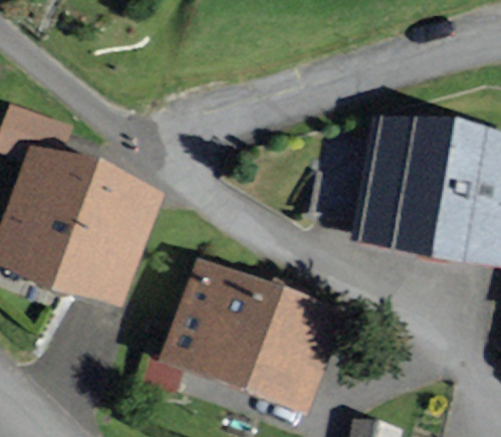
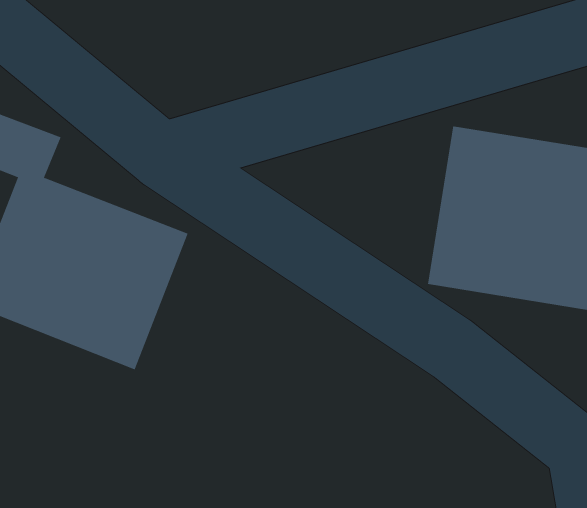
building: [163,261,332,408] -> none

